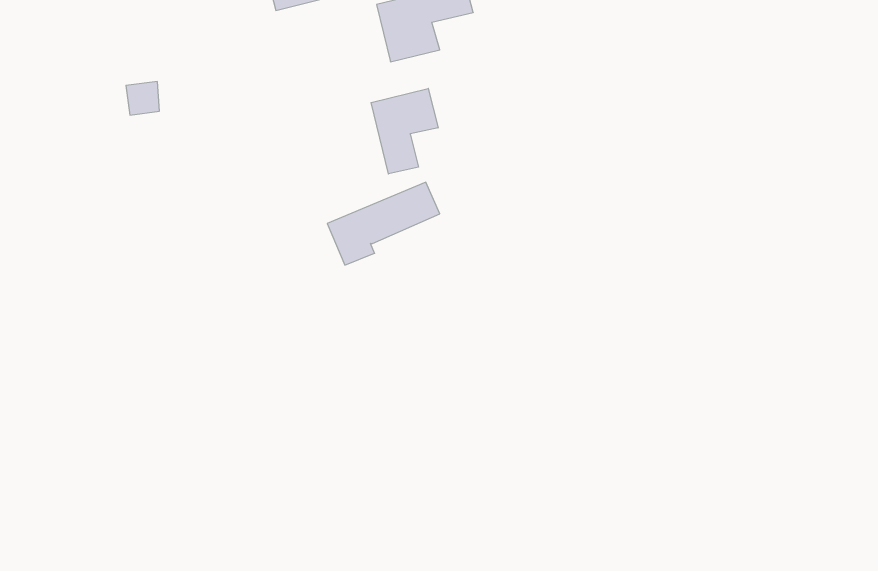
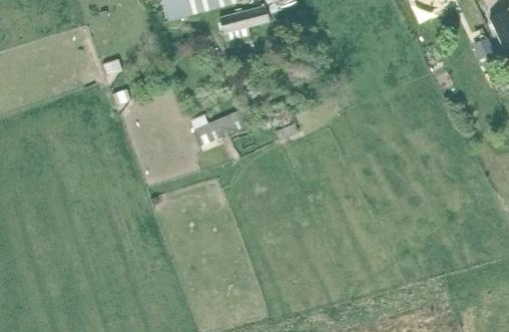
building: [371,88,438,174] -> none

